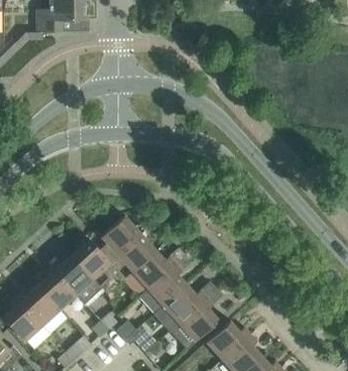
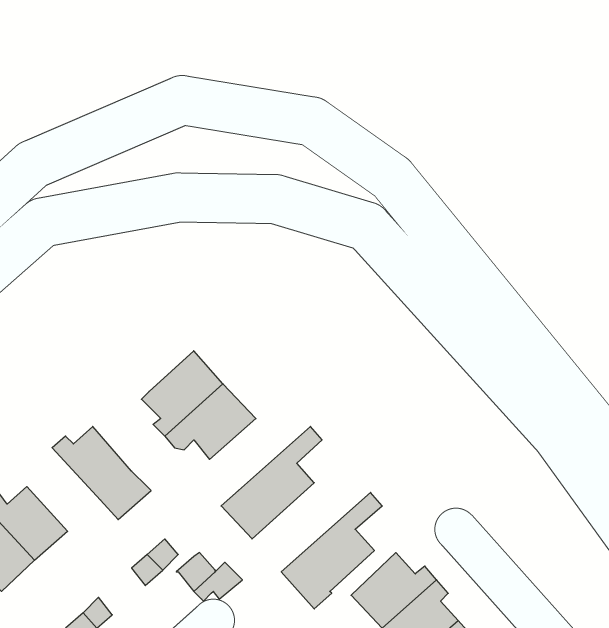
building: [73,238,126,294] -> none
building: [133,247,186,287] -> none
building: [38,265,77,308] -> none
building: [153,281,217,332] -> none

